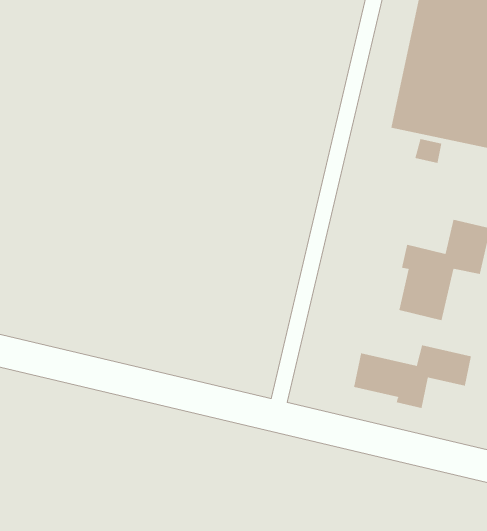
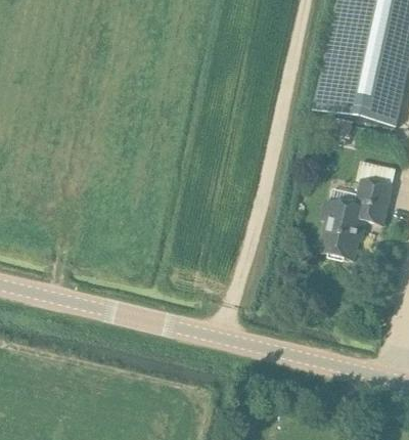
building: [354,345,472,409] -> none

